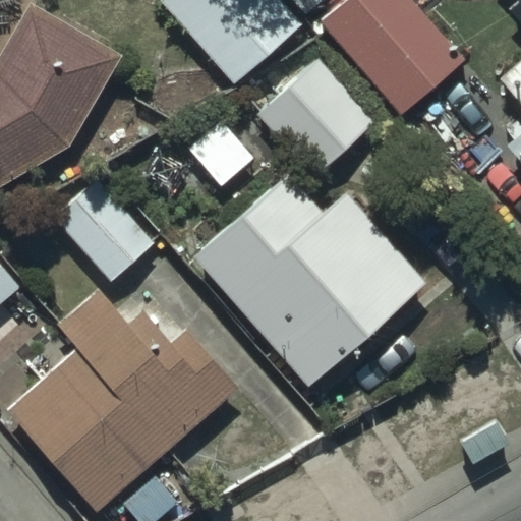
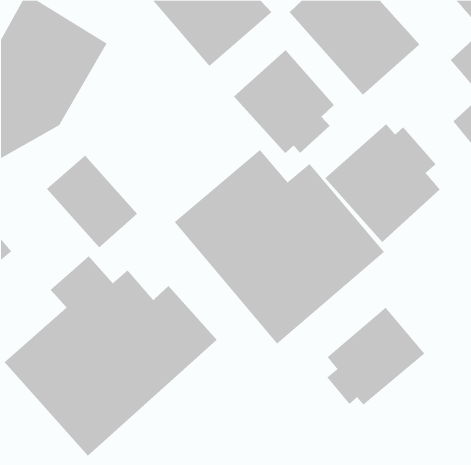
building: none -> [324,124,441,243]
building: none -> [327,307,425,405]

